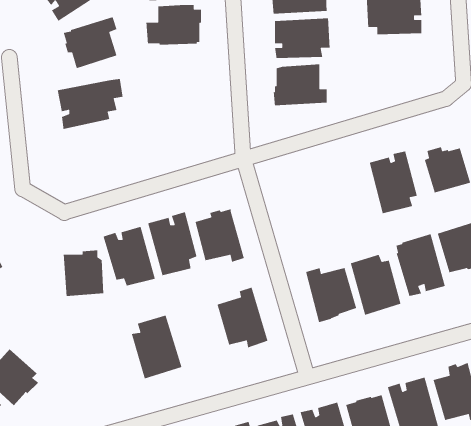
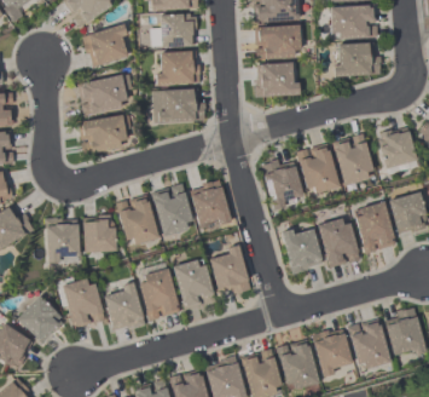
building: none -> [332,42,381,77]
building: none -> [156,51,199,85]
building: none -> [152,88,205,122]
building: none -> [77,114,131,153]
building: none -> [297,145,340,194]
building: none -> [261,159,303,209]
building: none -> [45,218,80,264]
building: none -> [172,259,215,310]
building: none -> [60,278,104,328]
building: none -> [103,282,145,330]

